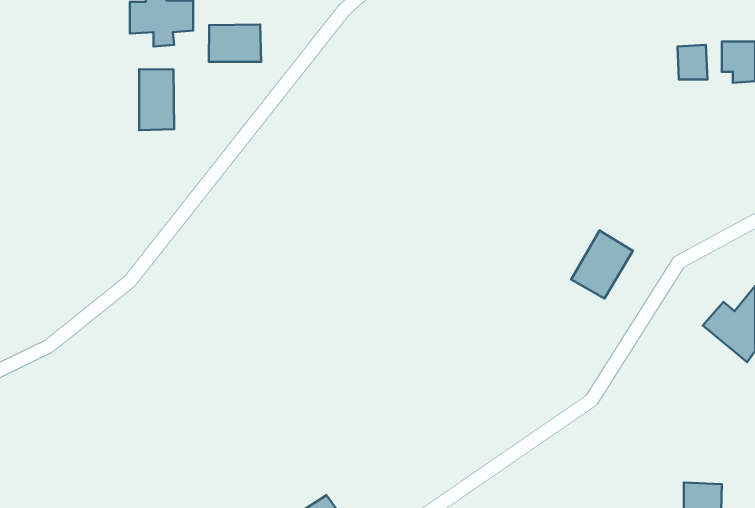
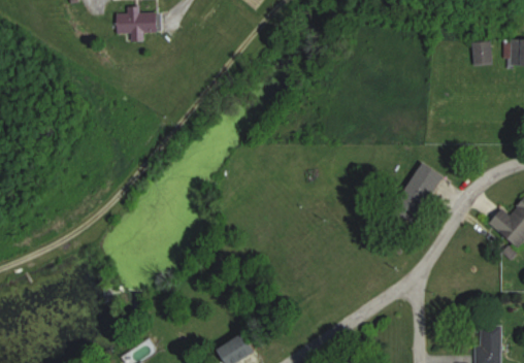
building: [209,25,261,62] -> none
building: [139,69,174,130] -> none

